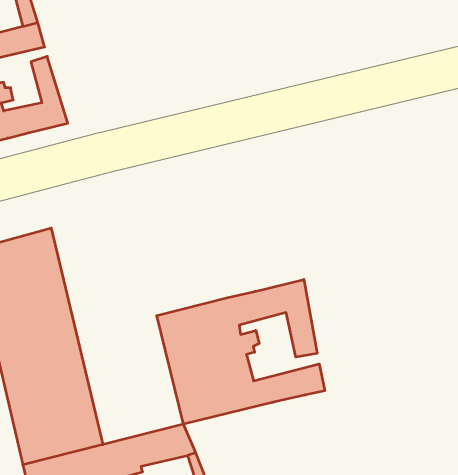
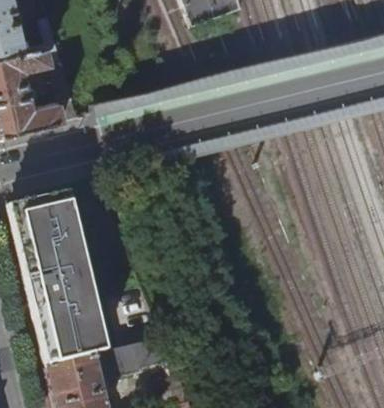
building: [157,279,325,424] -> none

